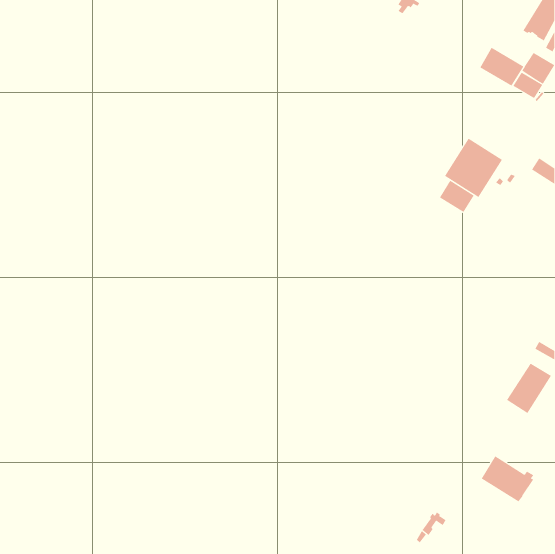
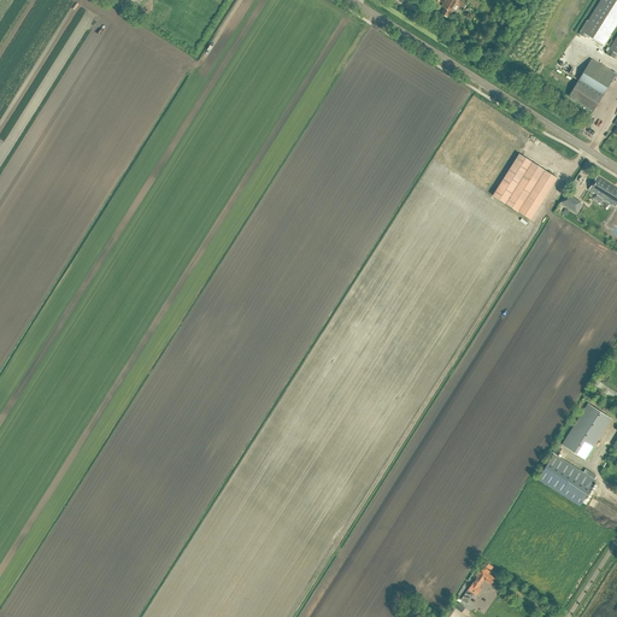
building: [479,47,524,87] -> none
building: [439,180,475,213] -> none
building: [481,456,534,502] -> [537,453,597,505]

